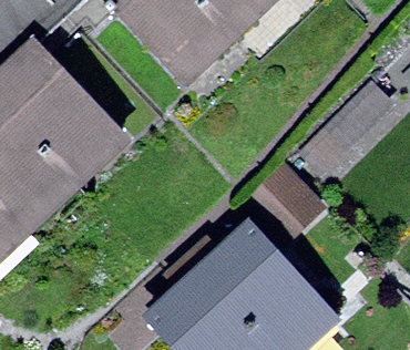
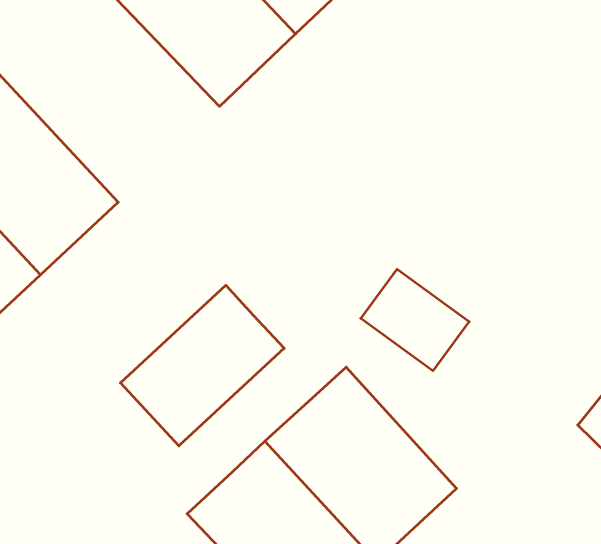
building: none -> [120,285,284,446]

